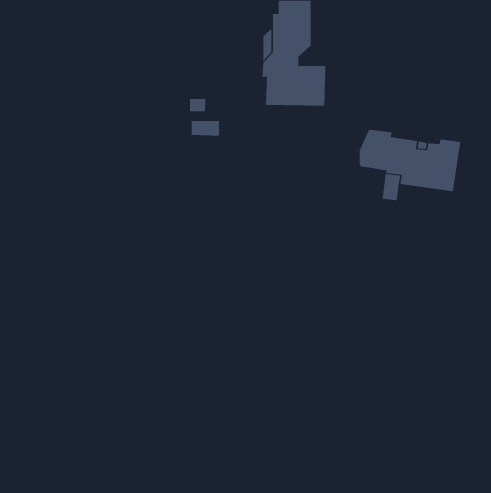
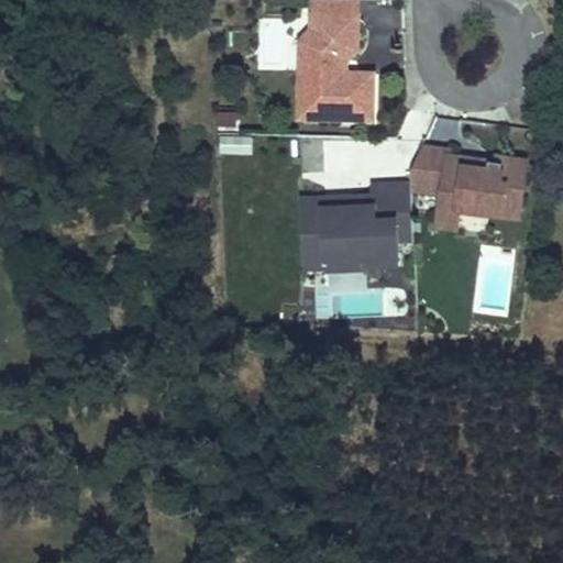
building: none -> [300,185,412,266]

